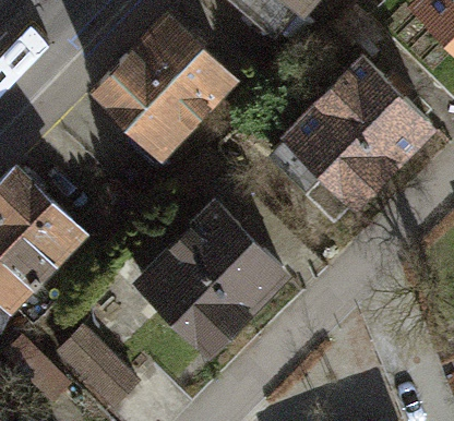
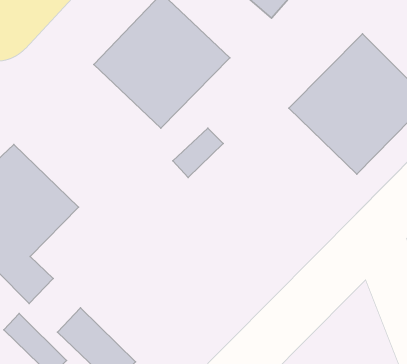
building: [142,205,285,348] -> none

